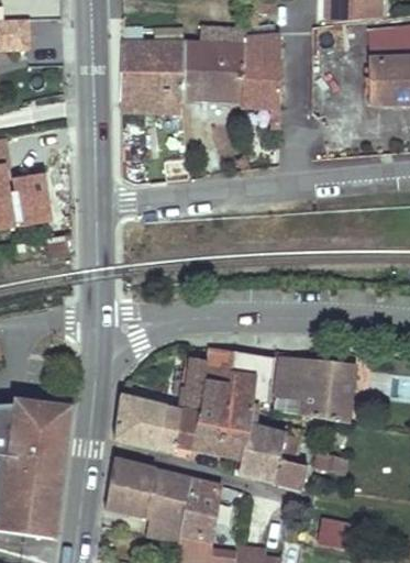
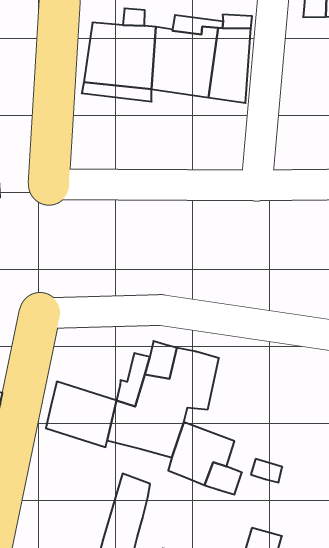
building: [274,356,354,421] -> none
building: [106,459,191,541] -> none

